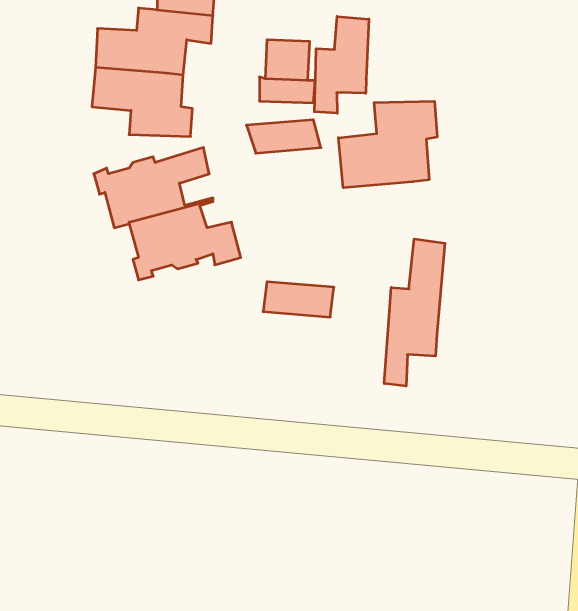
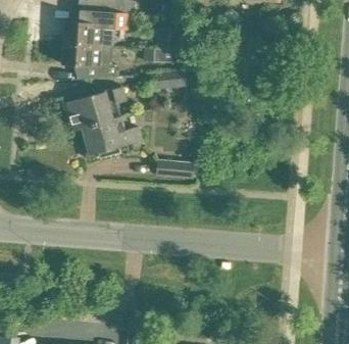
building: [314,16,369,113] -> none
building: [338,101,437,188] -> none
building: [384,239,445,386] -> none

